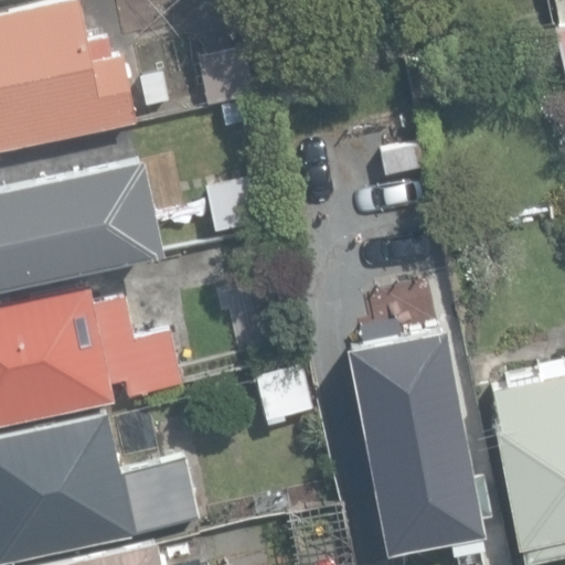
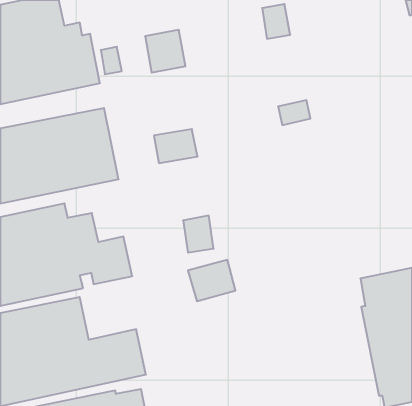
building: [345,327,492,554] -> none

